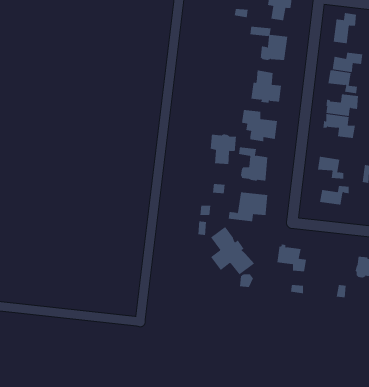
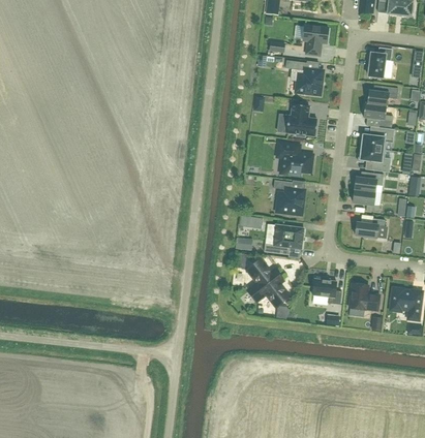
building: [210,133,237,165] -> none
building: none -> [354,173,383,192]
building: none -> [348,283,378,310]

